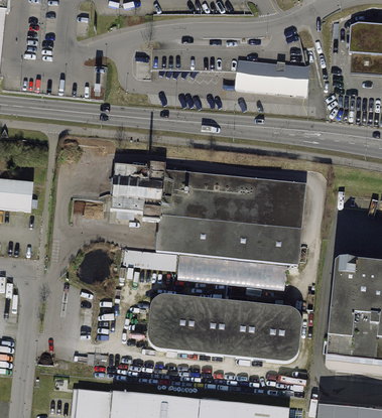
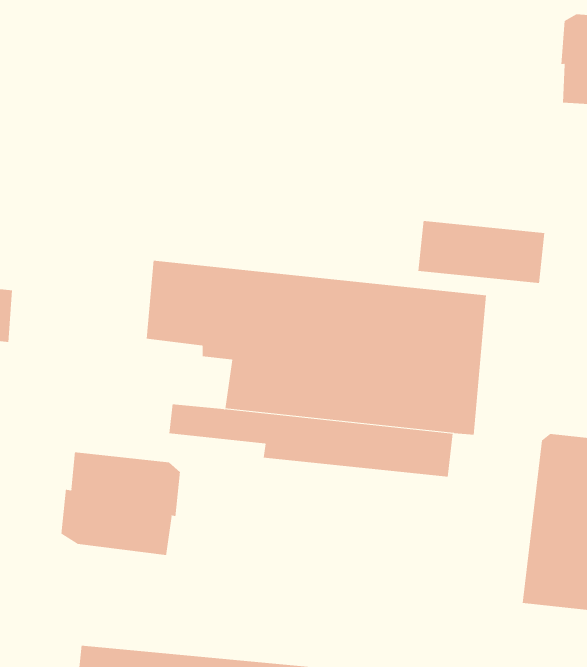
building: [237,58,310,95] -> [418,220,545,283]
building: none -> [61,452,180,556]
building: [144,295,299,363] -> none

